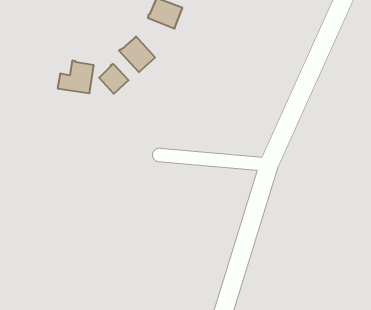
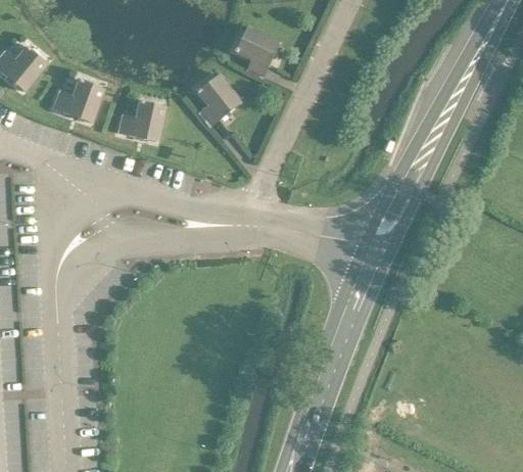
building: none -> [50,79,100,122]
building: [99,64,129,94] -> none

